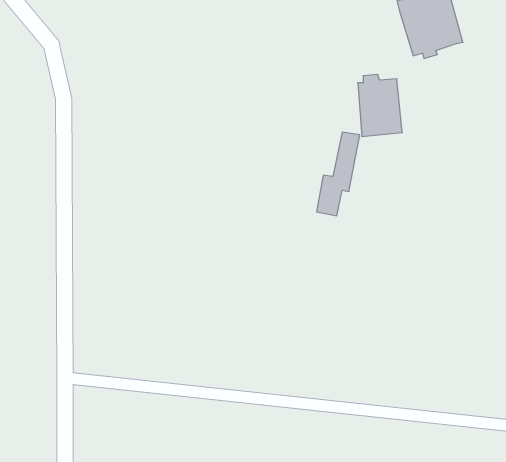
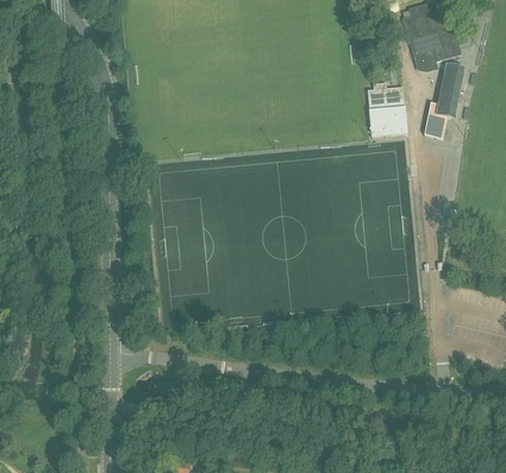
building: [317,132,360,216] -> [424,65,462,139]

